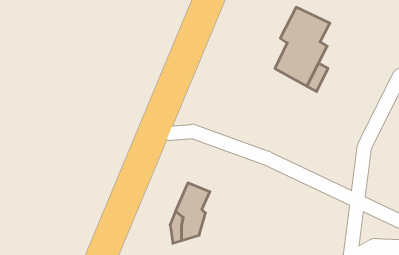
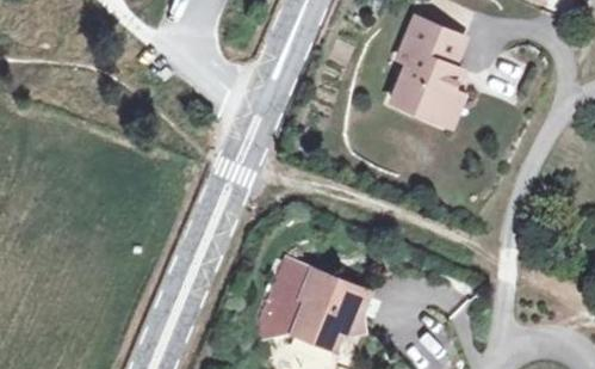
building: none -> [293,266,362,343]

